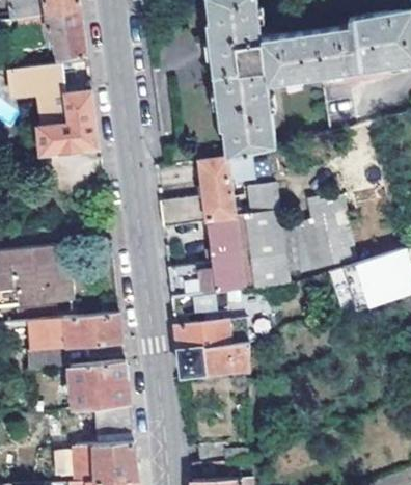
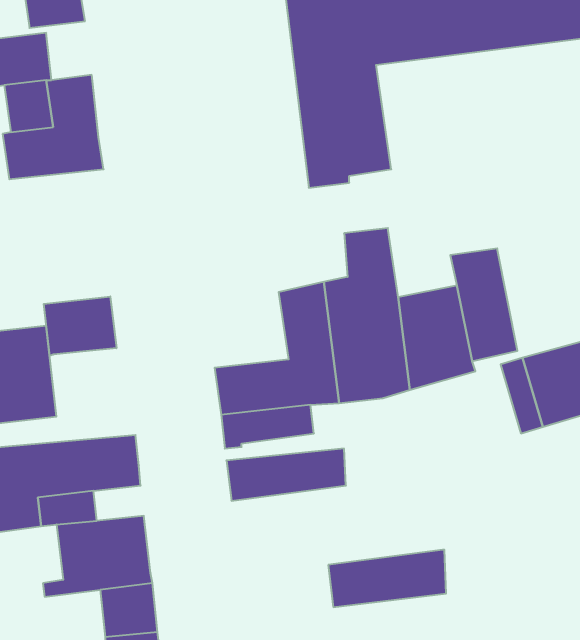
building: [159,156,251,230] -> none
building: none -> [44,296,116,356]
building: [176,343,249,378] -> [328,550,446,607]

